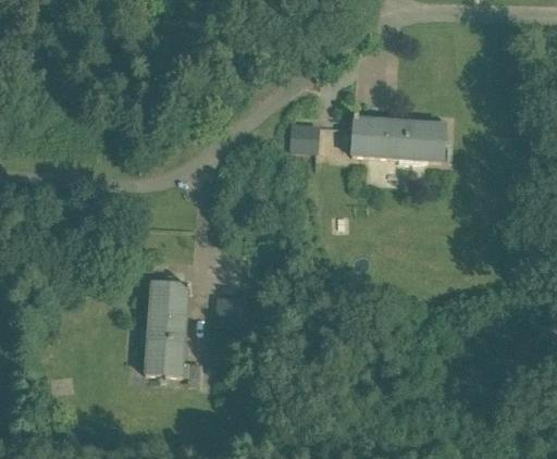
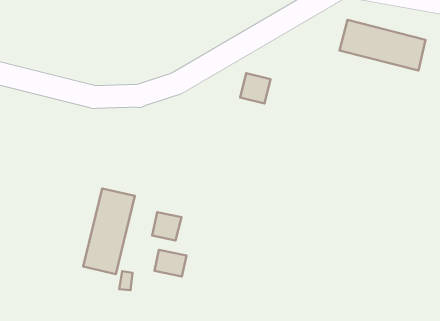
building: [349,116,444,160] -> [340,20,426,71]
building: none -> [154,250,186,276]

